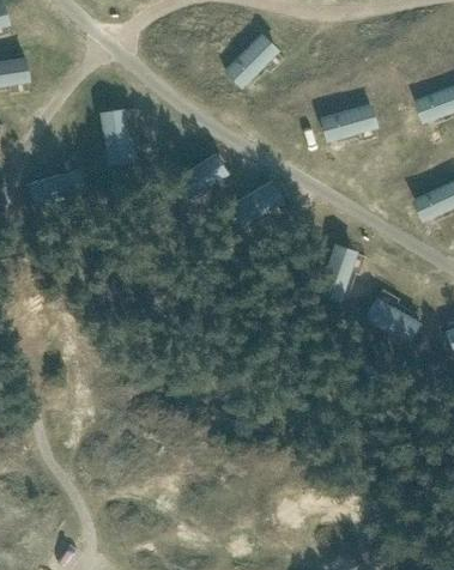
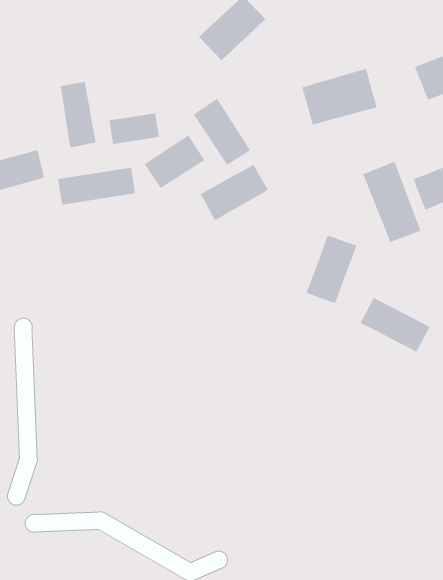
building: none -> [193,98,251,166]
building: none -> [109,112,159,145]
building: none -> [363,161,421,243]
building: none -> [58,167,136,205]

